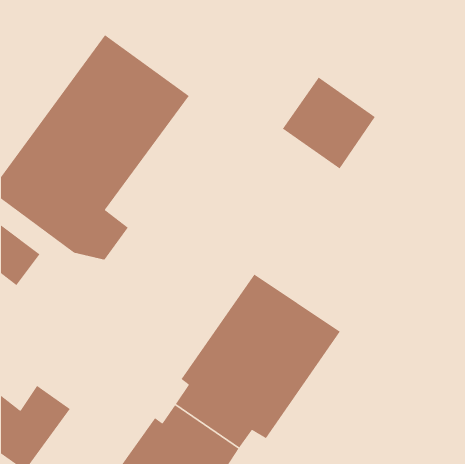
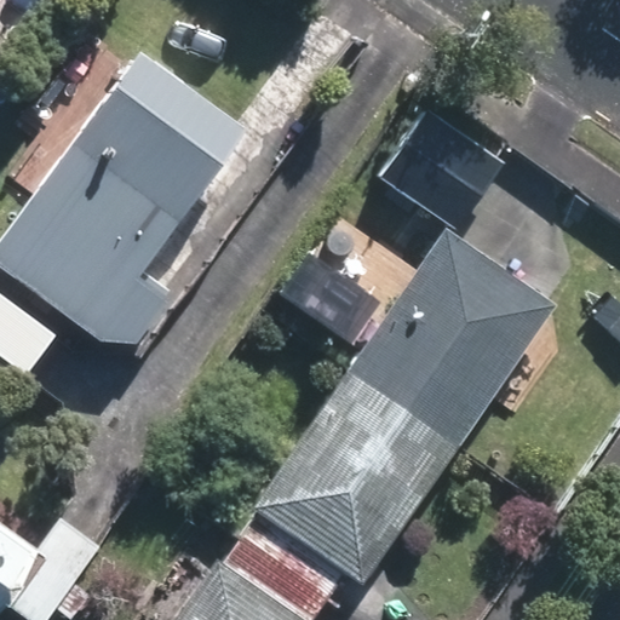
building: none -> [341,228,551,444]

